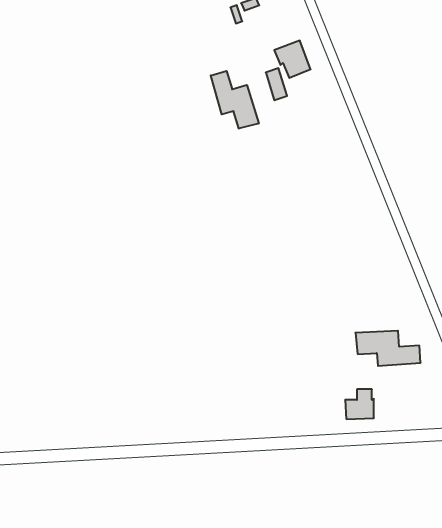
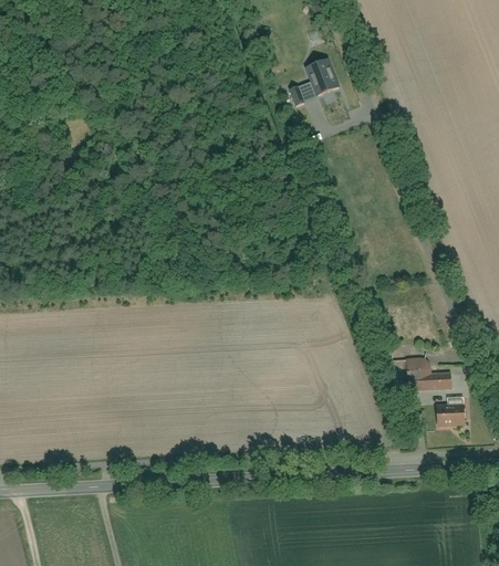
building: [211,71,259,129] -> none
building: [345,389,374,419] -> [437,397,467,428]

